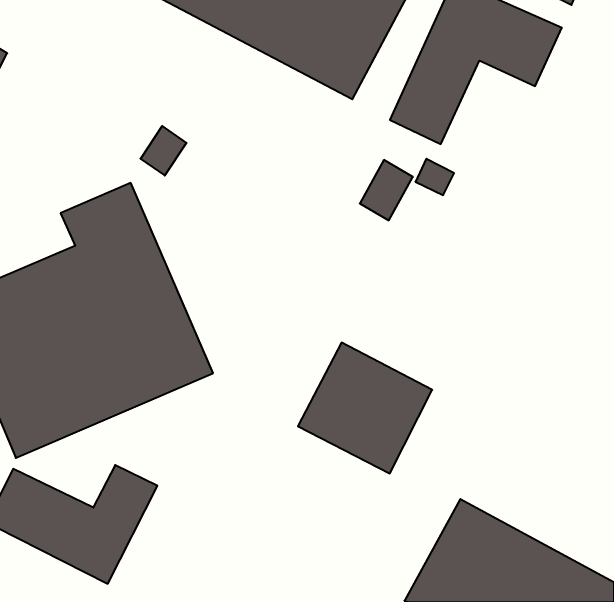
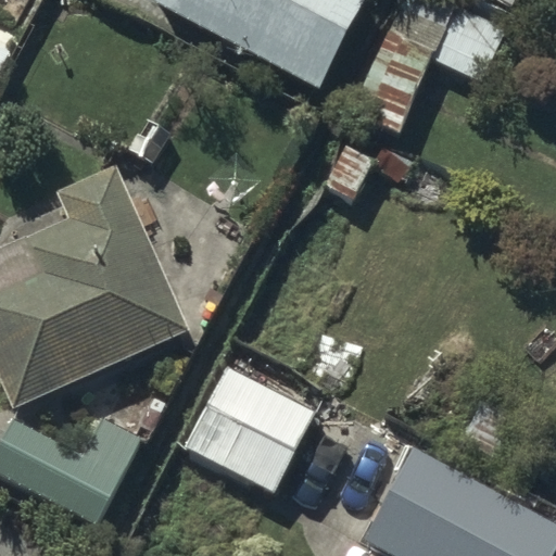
building: [298,343,432,473] -> [189,370,309,488]

